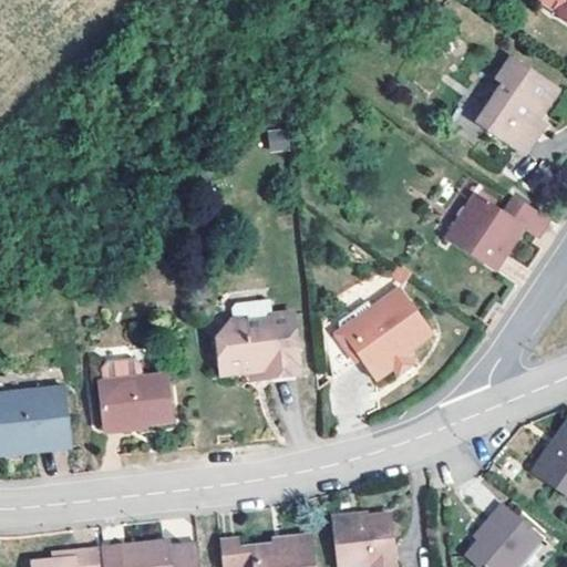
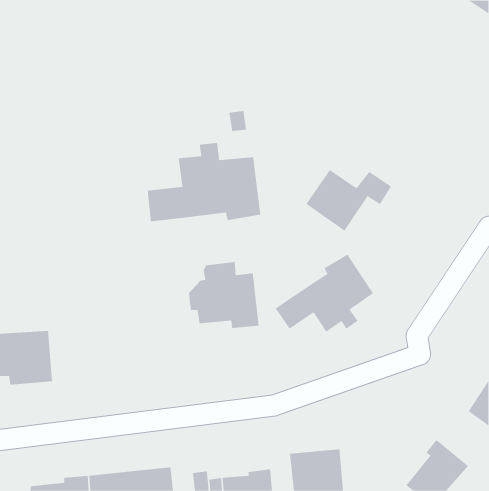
building: [477,61,556,155] -> none
building: none -> [147,142,261,222]
building: [450,198,549,270] -> [305,169,392,232]
building: [99,360,171,432] -> none

